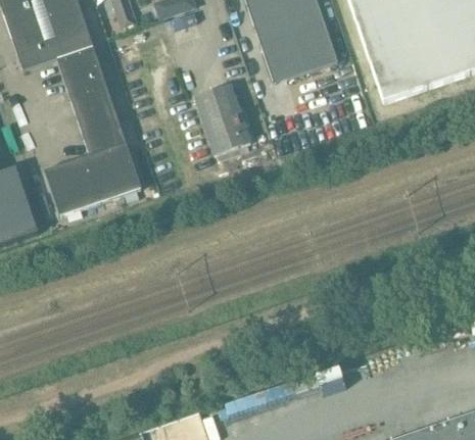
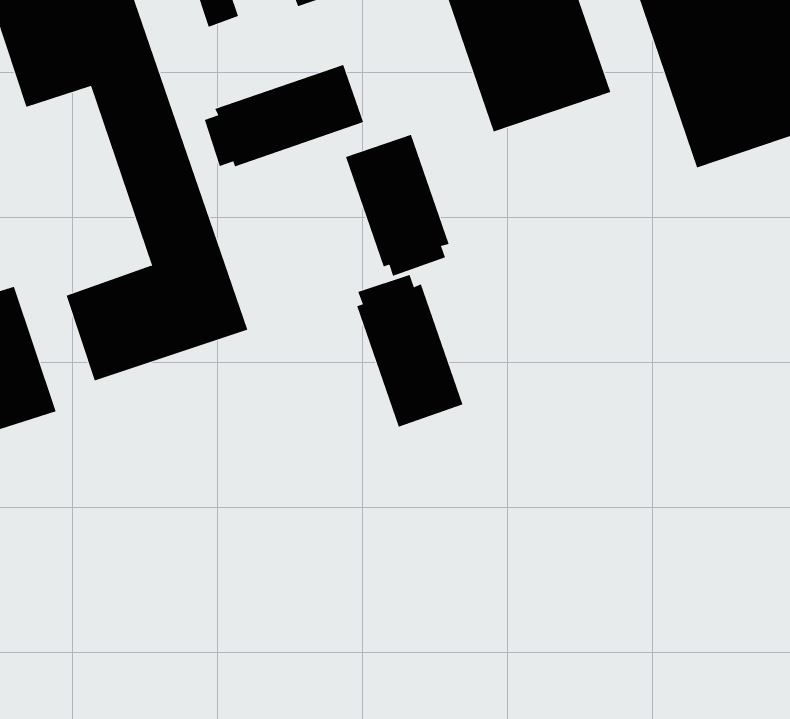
building: none -> [204,64,364,167]
building: none -> [357,274,463,427]

